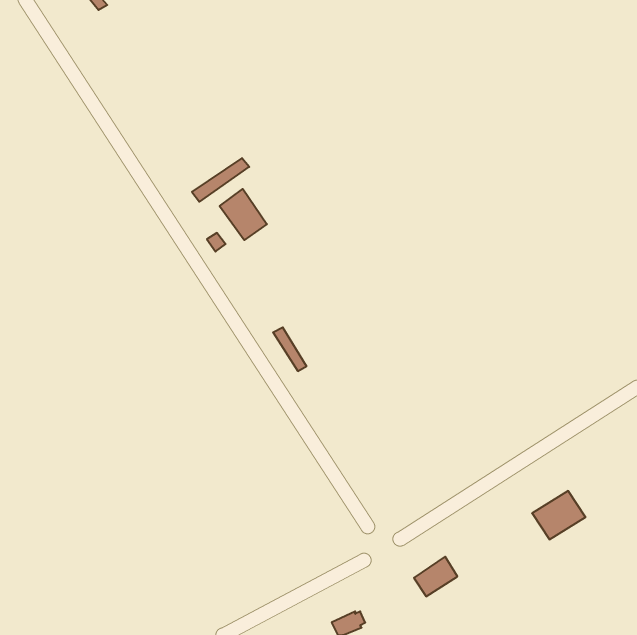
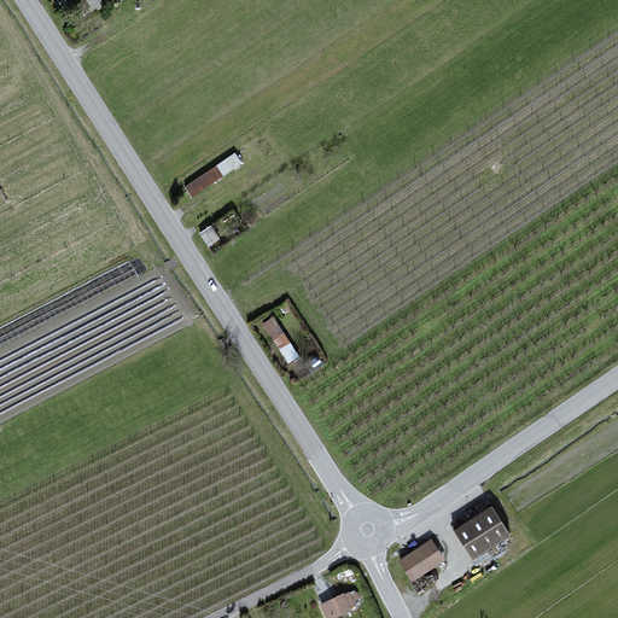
building: [220,189,267,240] -> none
building: [532,491,586,539] -> [457,508,509,555]

